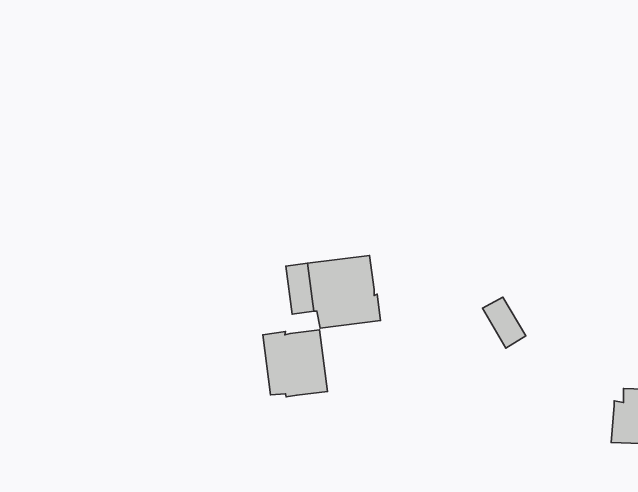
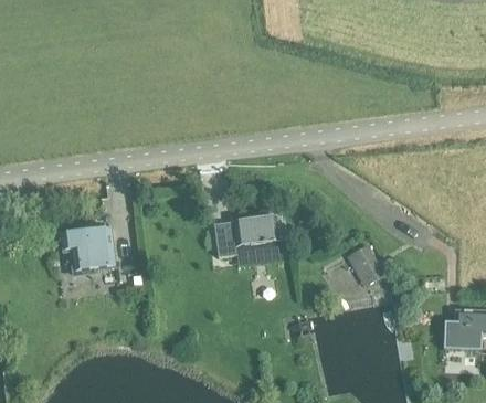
building: none -> [59,226,118,276]
building: [263,330,328,397] -> none

